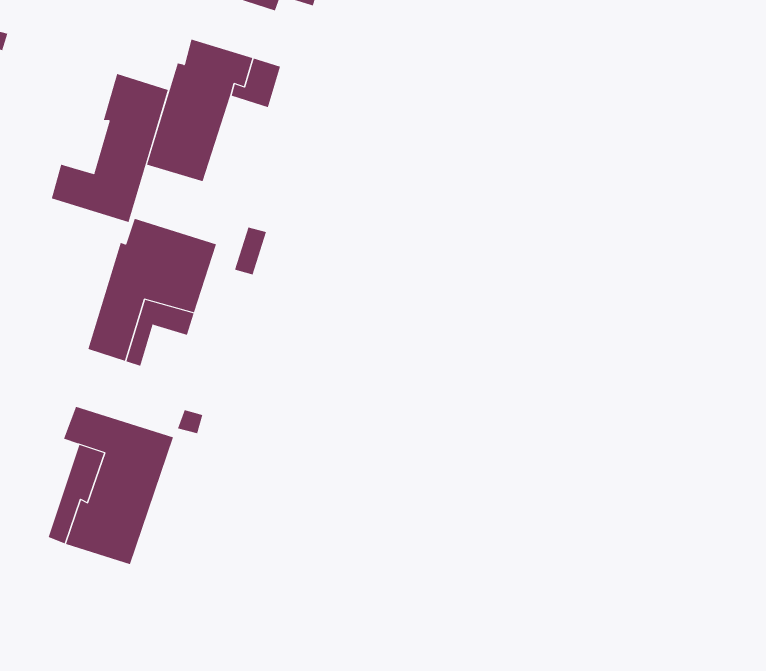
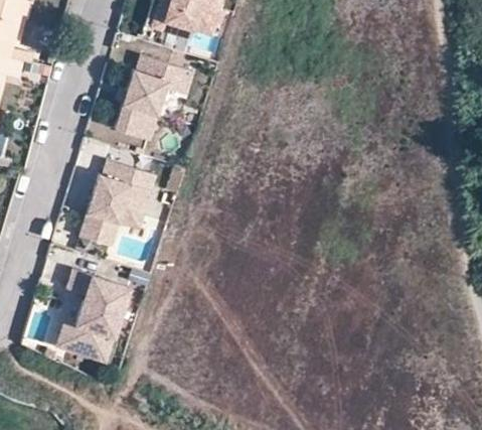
building: [51,73,168,223] -> none

